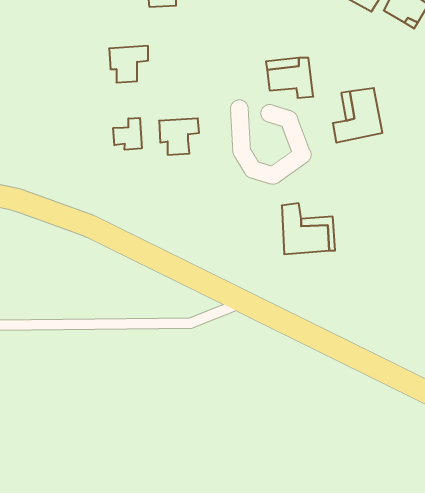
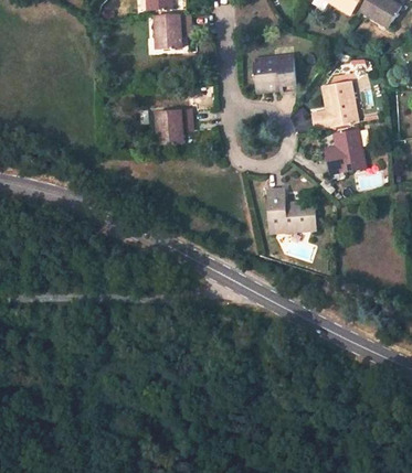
building: [109,46,148,82] -> [156,13,191,46]
building: [113,118,142,150] -> none
building: none -> [326,129,365,172]

